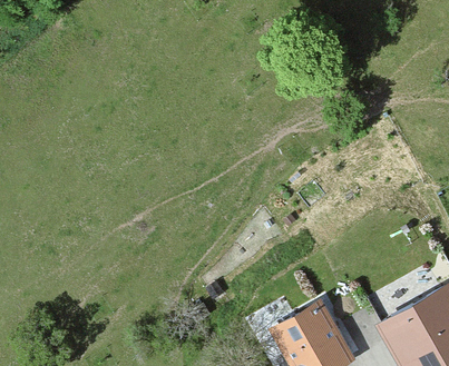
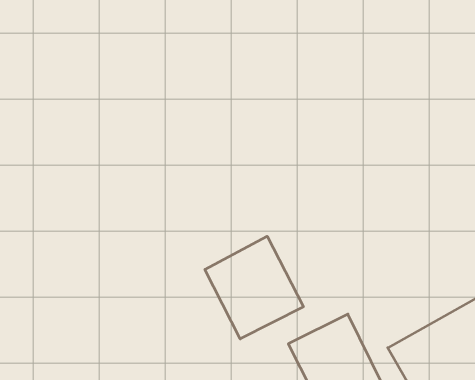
building: none -> [205,236,303,339]

